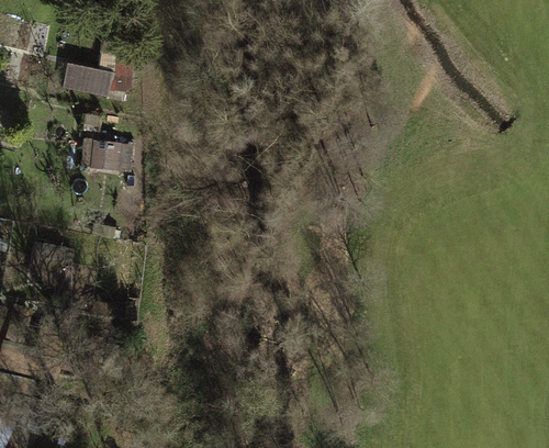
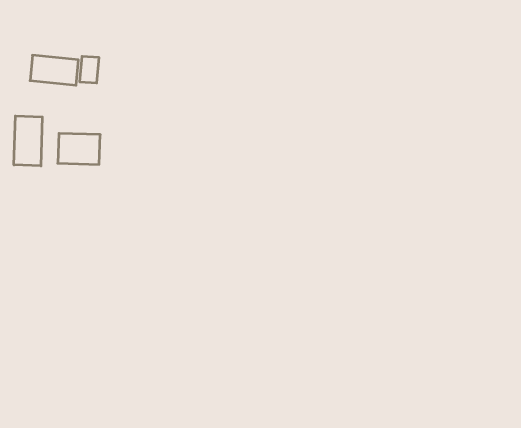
building: none -> [14,116,42,166]

